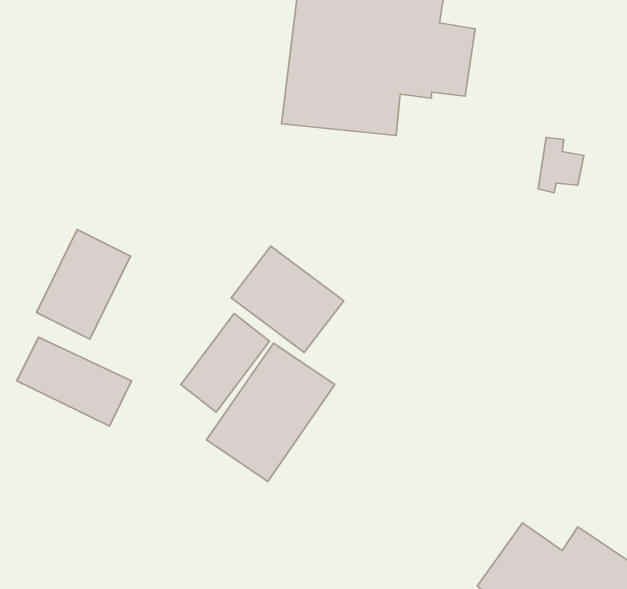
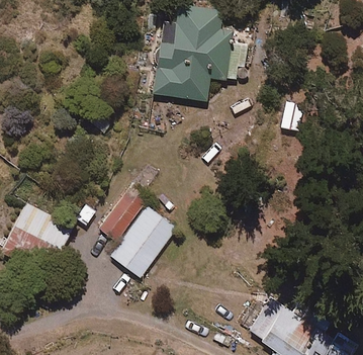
building: [36,229,130,339] -> none
building: [231,246,344,353] -> none

